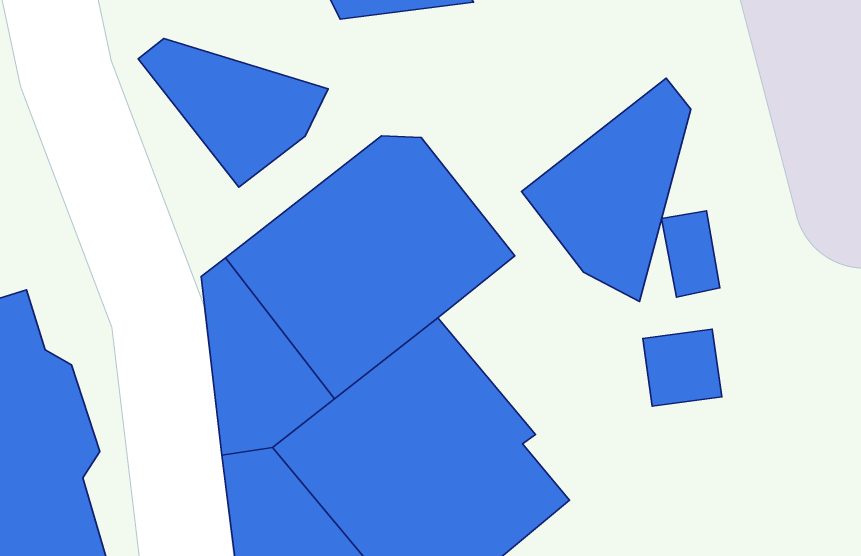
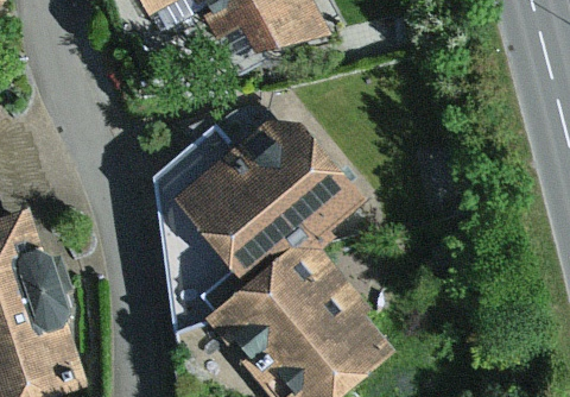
building: [138,39,328,187] -> none
building: [521,78,691,301] -> none

